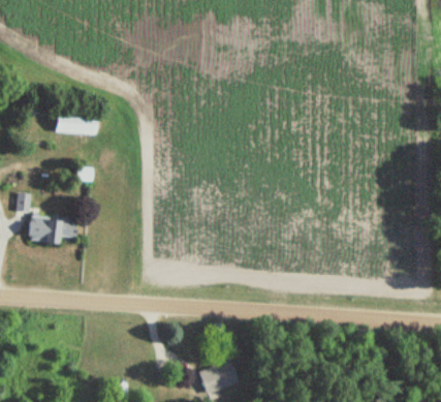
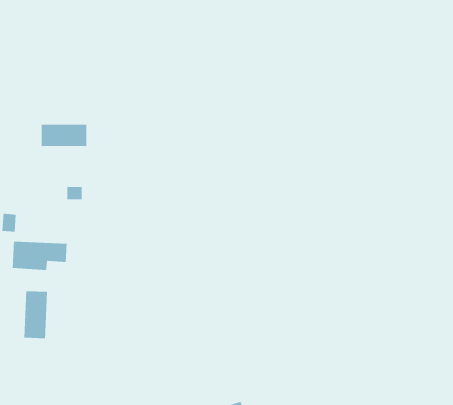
building: none -> [23,290,48,339]

